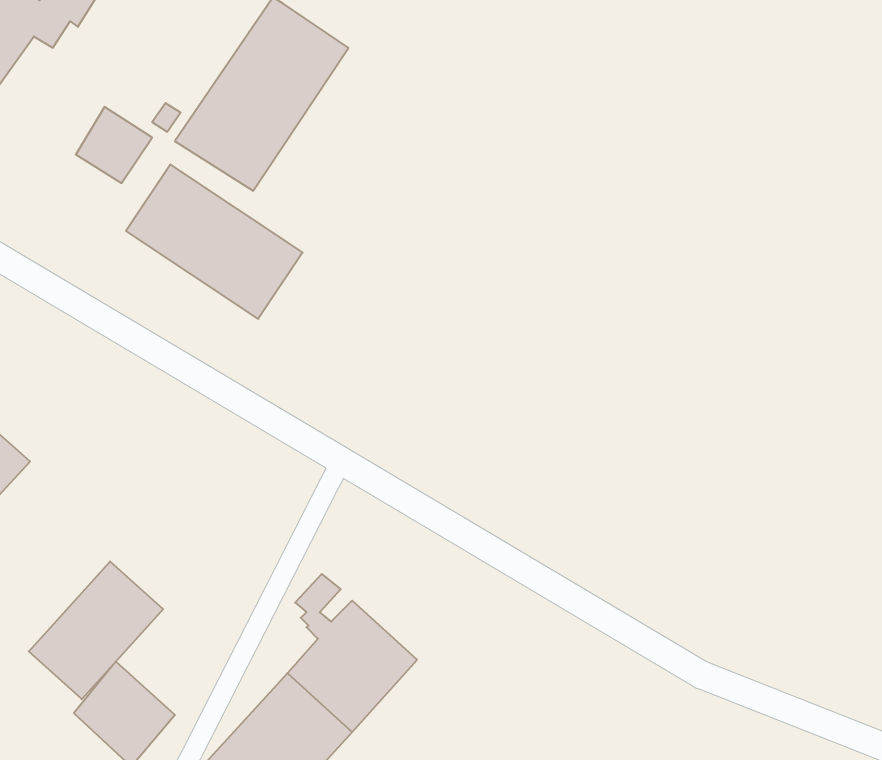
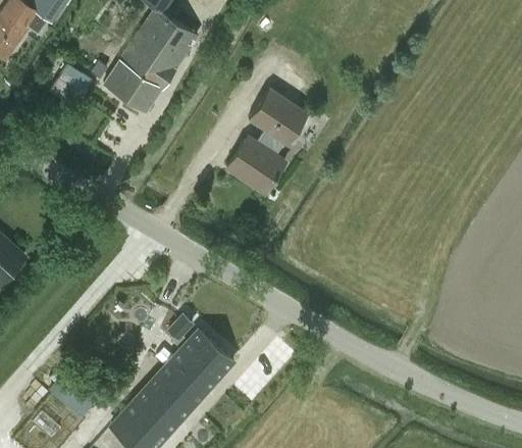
building: none -> [225,89,306,194]
building: [126,164,303,319] -> none
building: [29,561,163,699] -> none

